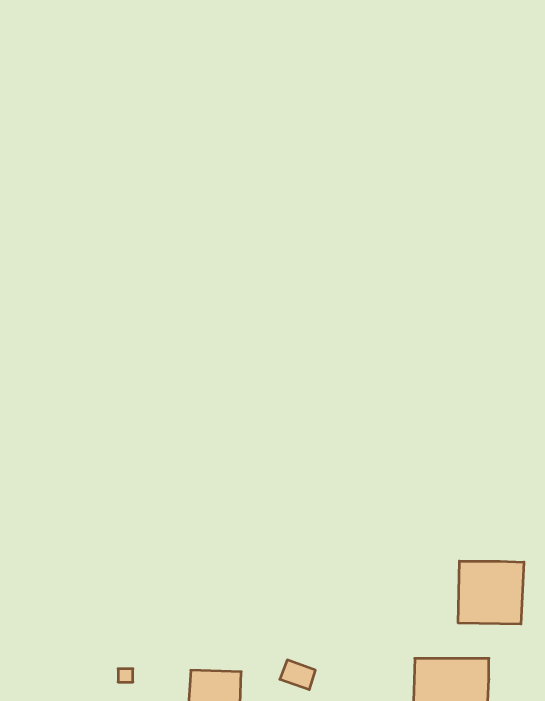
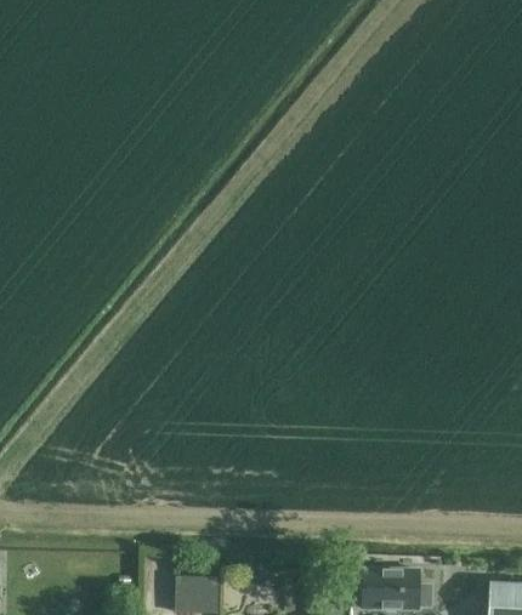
building: [458,561,524,624] -> none

